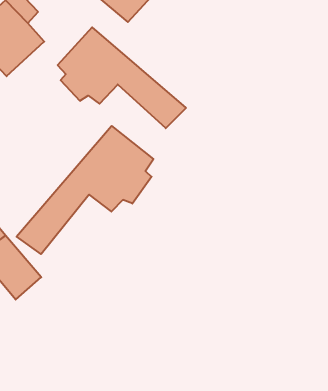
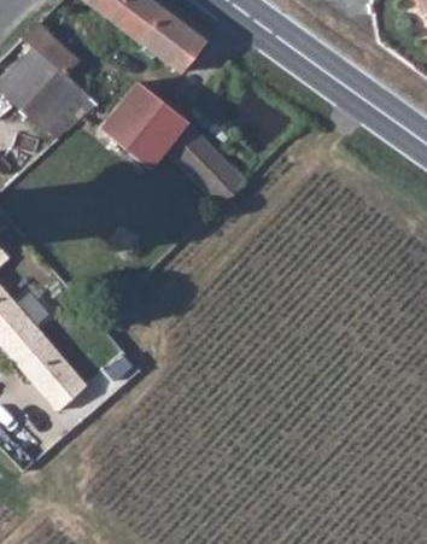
building: [17,126,153,254] -> none

